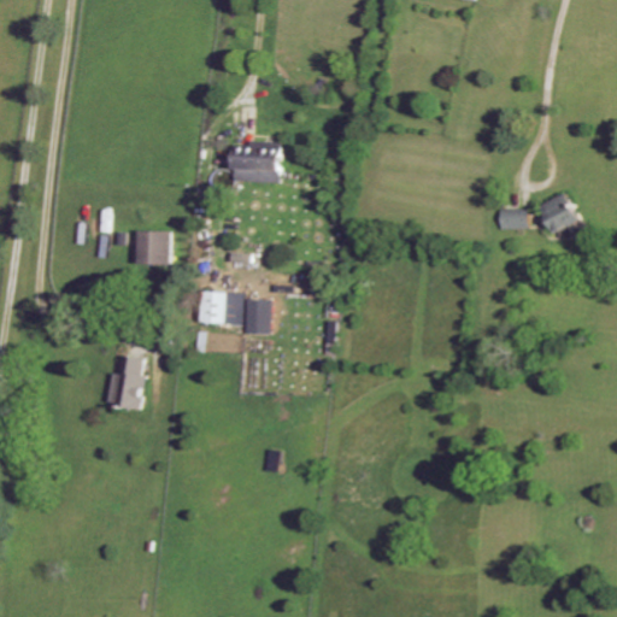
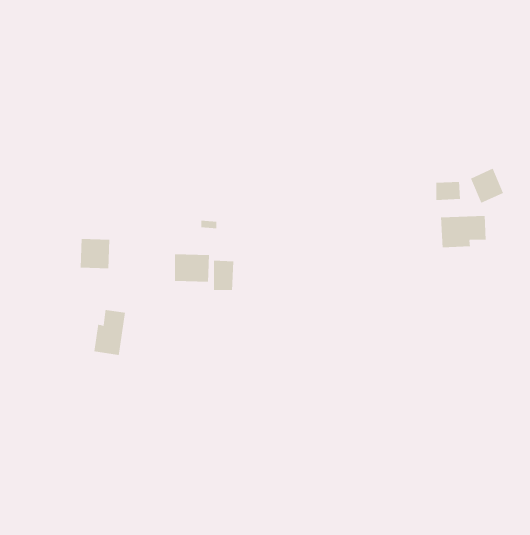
building: [231,141,281,182] -> none
building: [135,230,170,265] -> [80,238,110,269]
building: none -> [441,215,486,248]

